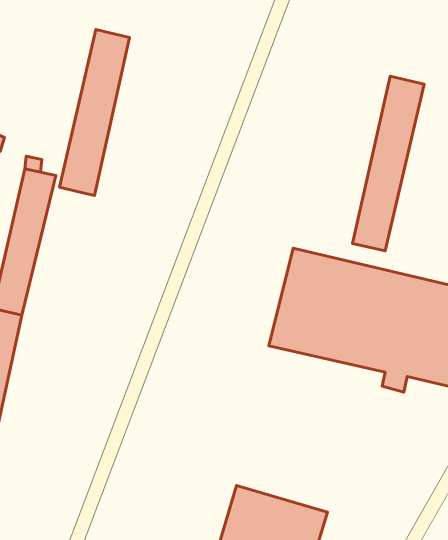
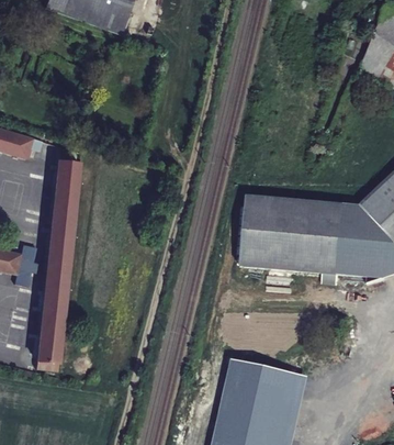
building: [59,30,129,196] -> none
building: [353,76,424,251] -> none

